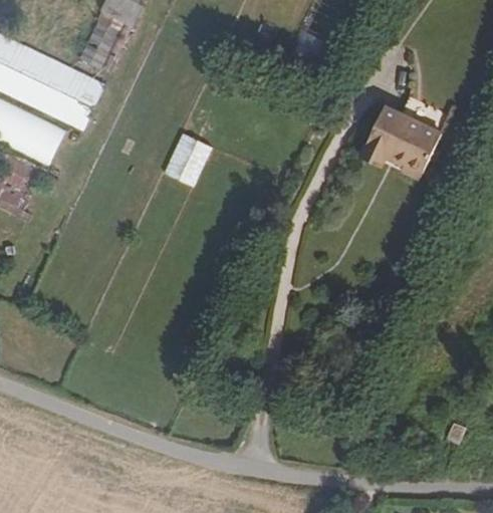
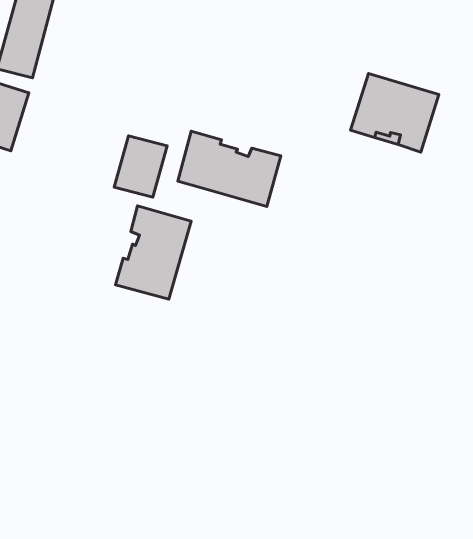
building: none -> [178,131,281,207]
building: none -> [116,206,191,299]

